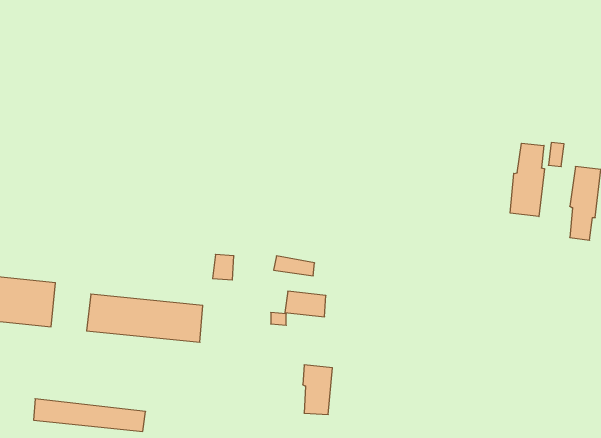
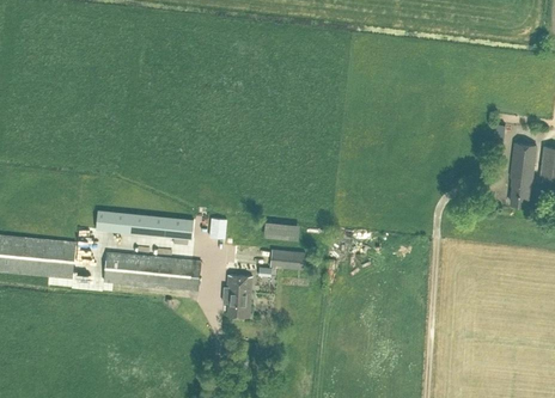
building: [510,143,545,217] -> none
building: [303,365,332,414] -> [227,275,252,317]
building: [34,399,146,431] -> [98,210,193,238]

